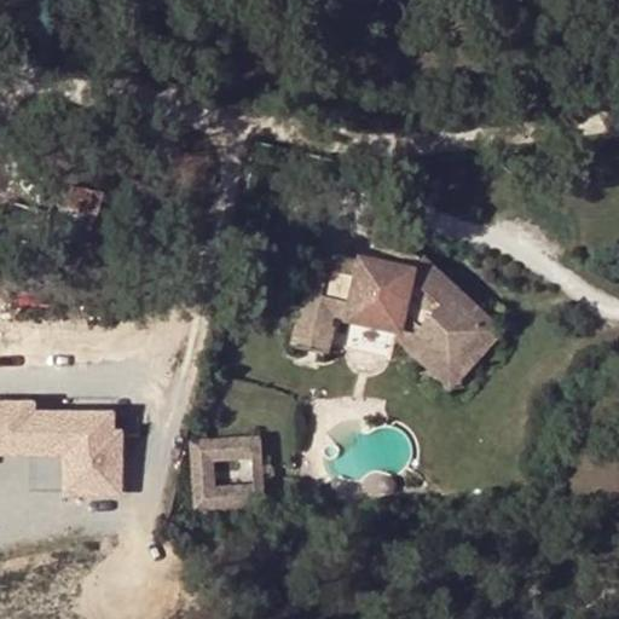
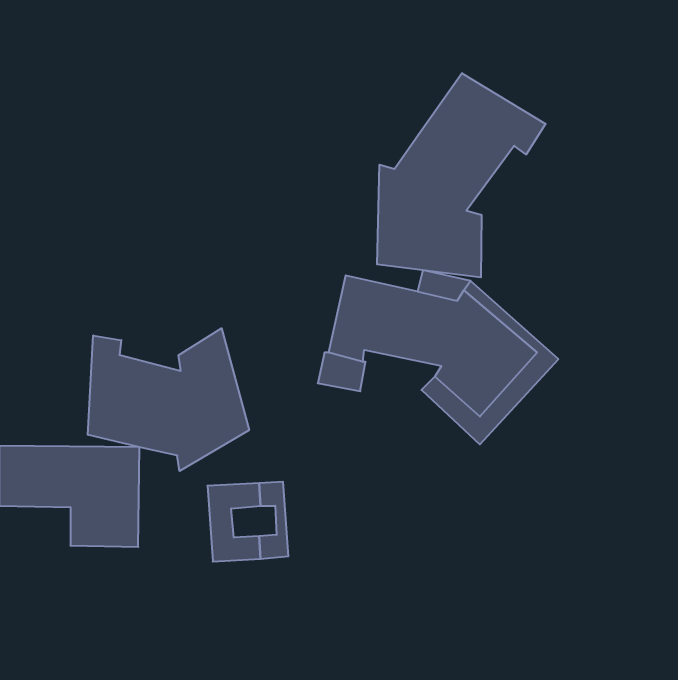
building: none -> [377,73,546,277]
building: none -> [88,328,249,471]

